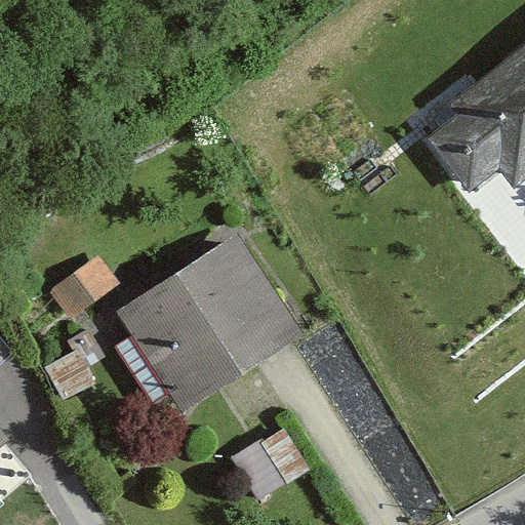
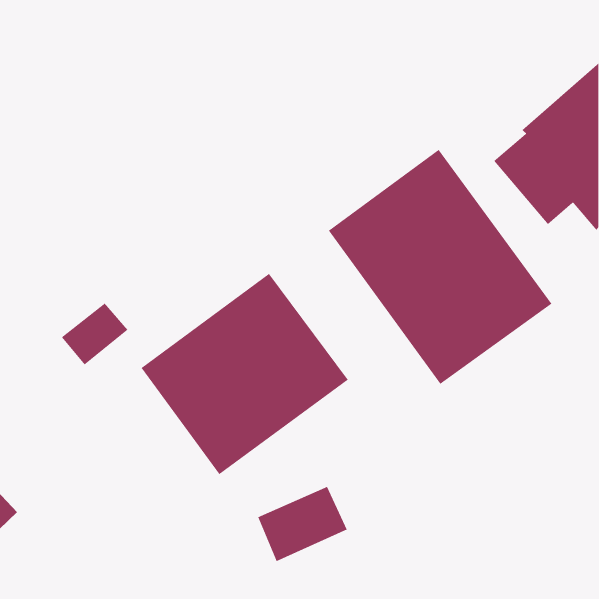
building: none -> [328,149,552,385]

